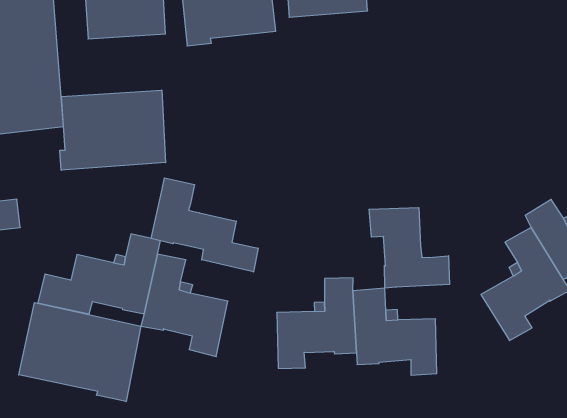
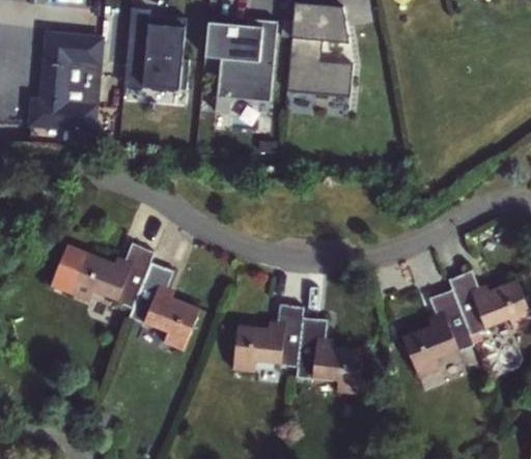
building: [60,90,166,170] -> none
building: [151,178,258,272] -> none
building: [369,208,449,288] -> none
building: [19,303,141,402] -> none

